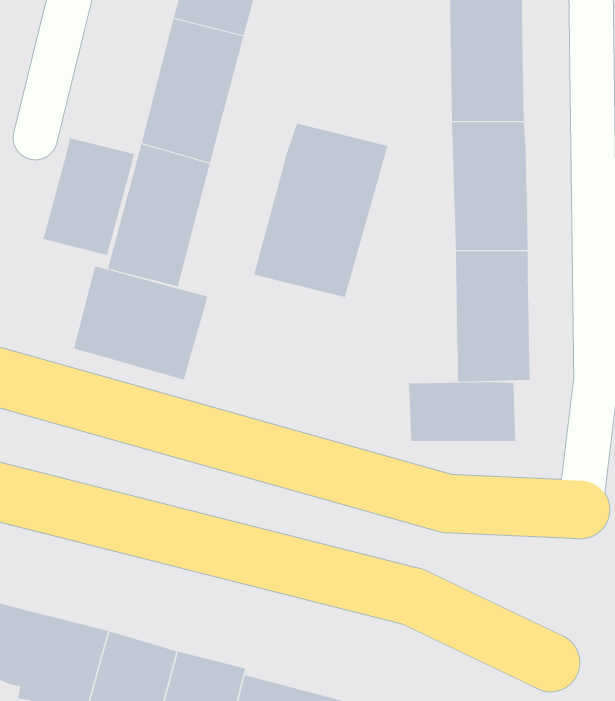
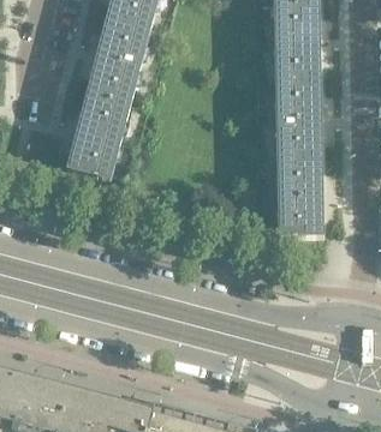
building: [254,123,388,298] -> none
building: [43,137,135,256] -> none
building: [74,265,208,381] -> none
building: [409,382,516,442] -> none

